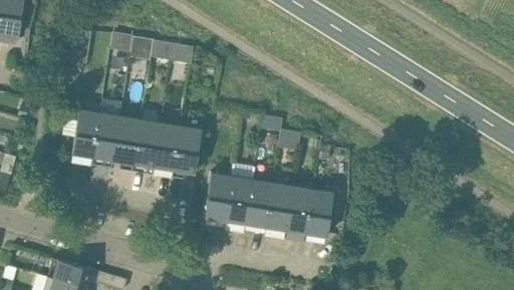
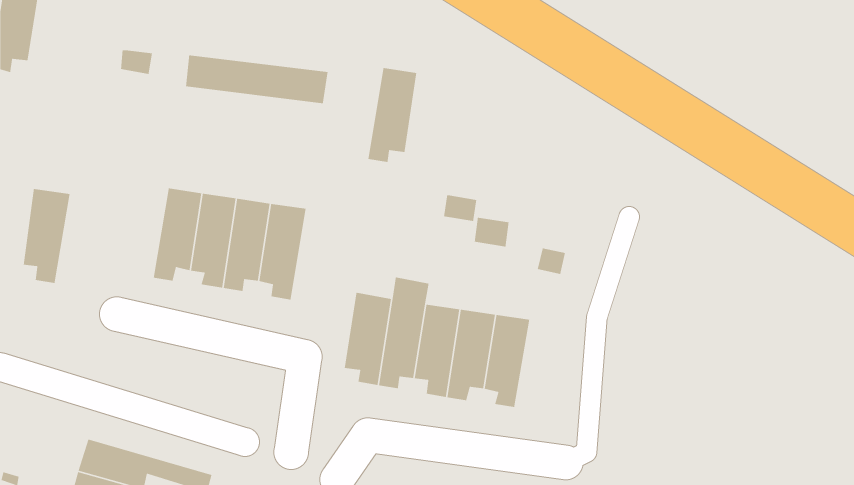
building: [72,109,100,166] -> [23,188,71,284]
building: [173,124,202,181] -> [368,67,417,163]
building: [304,190,333,244] -> none

